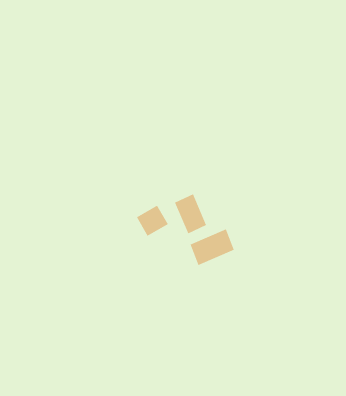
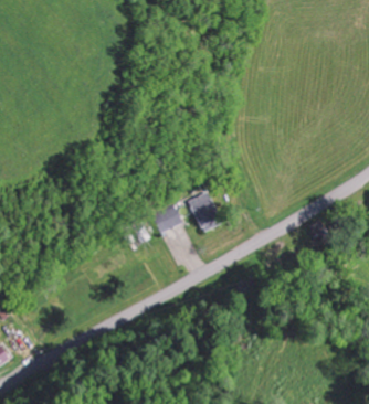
building: [190,229,235,266] -> none

